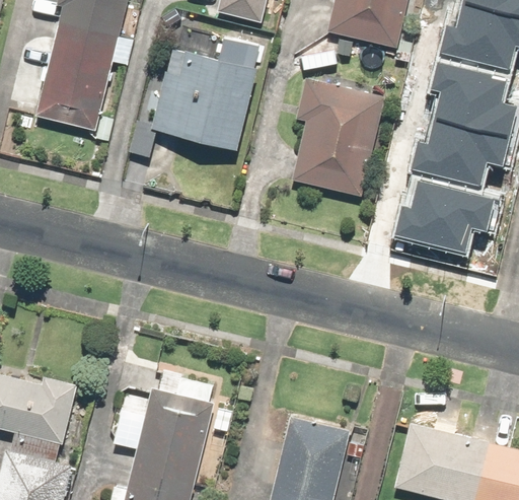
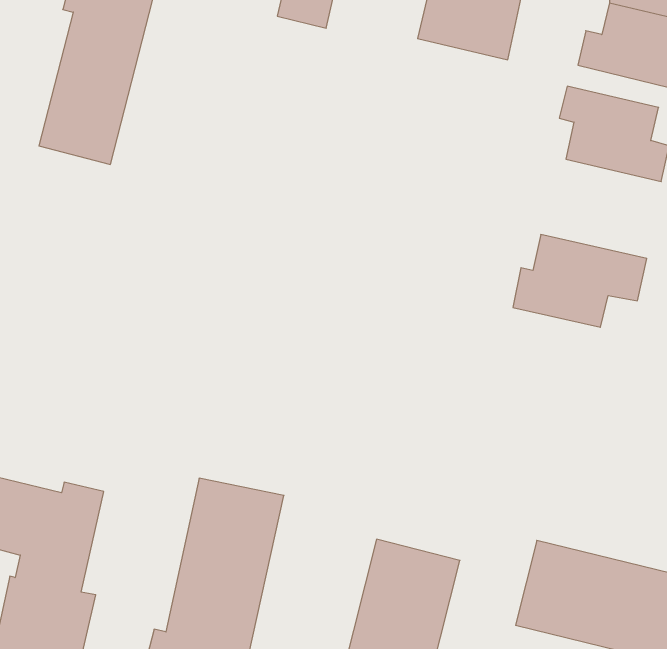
building: [150,40,254,156] -> none
building: [294,86,380,196] -> none
building: [413,124,510,189] -> none

